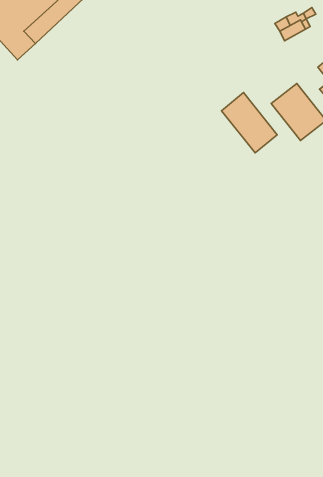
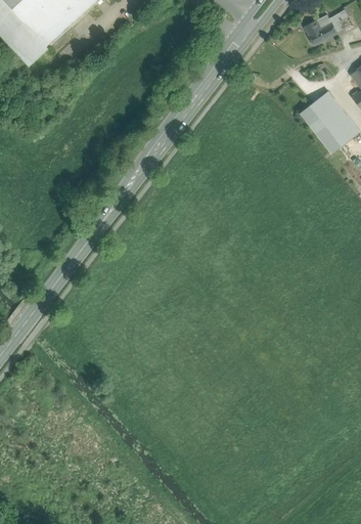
building: [221,93,277,153] -> none

